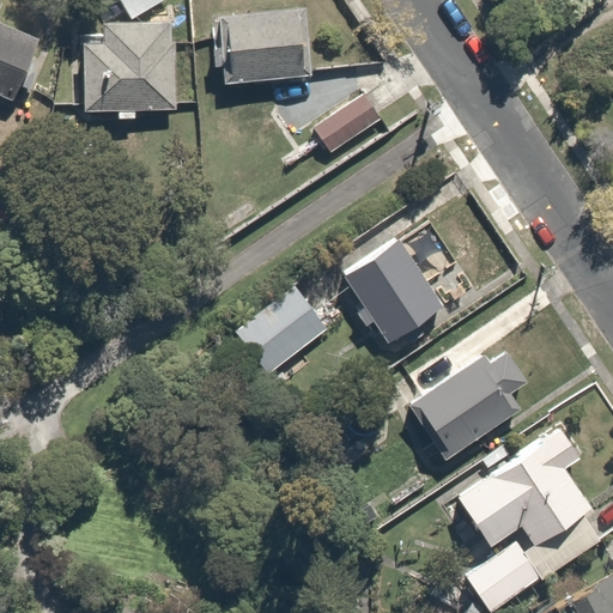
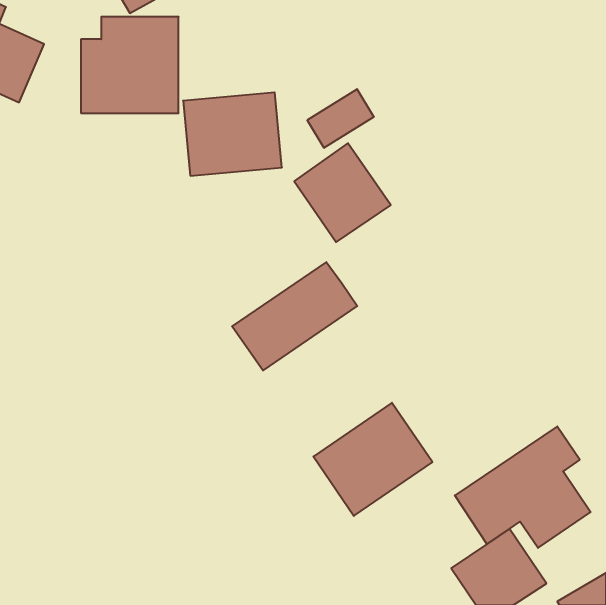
building: [213,6,312,90] -> [183,92,282,176]
building: [344,247,441,346] -> [294,143,391,242]
building: [407,346,527,460] -> [313,403,432,516]

